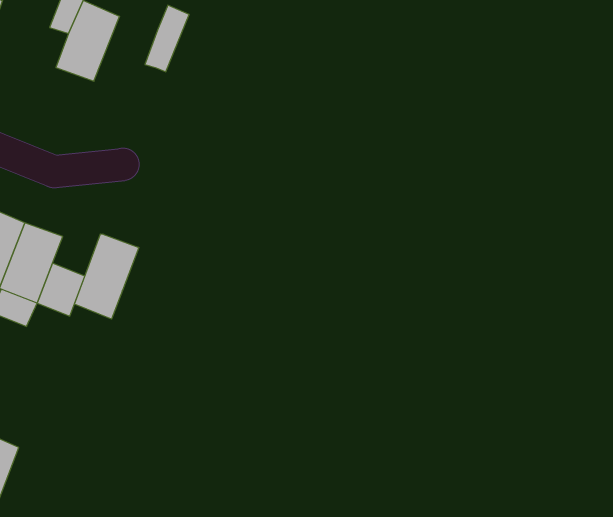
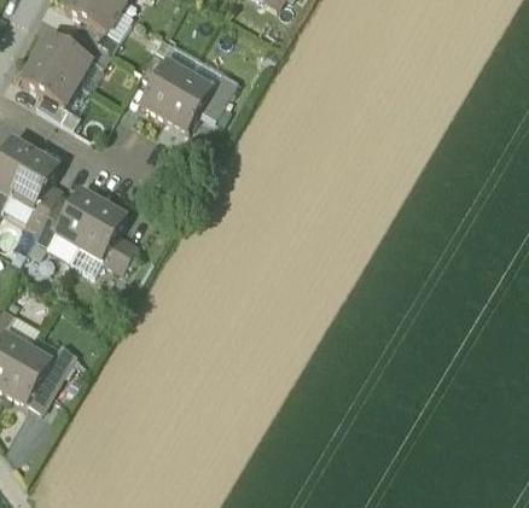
building: none -> [164,74,213,129]
building: [75,234,139,319] -> none

